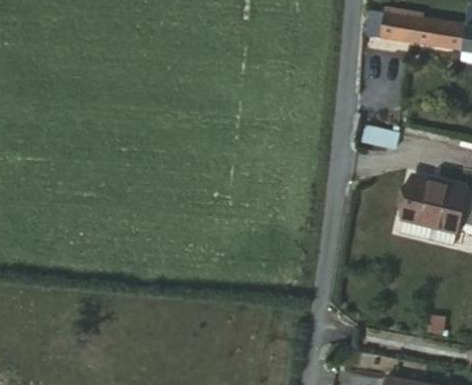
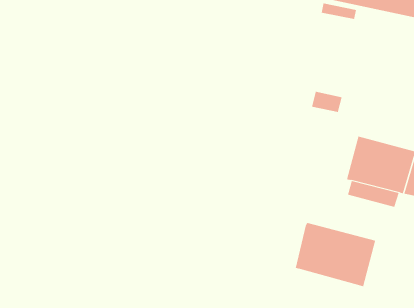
building: none -> [295,222,376,287]

